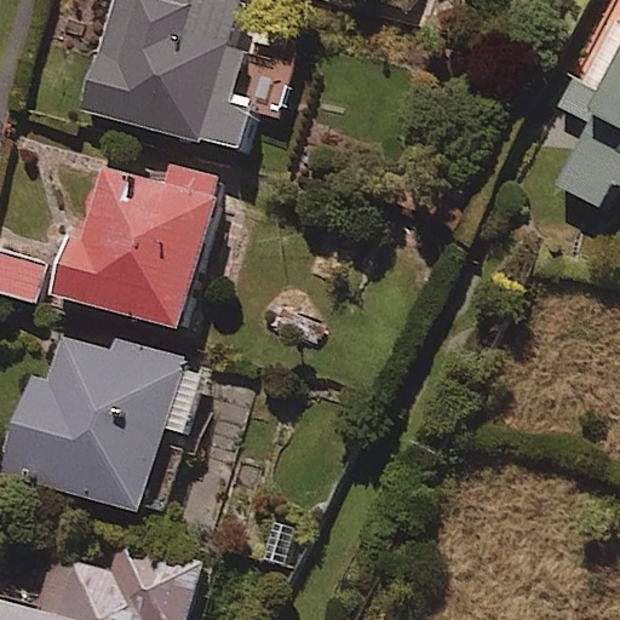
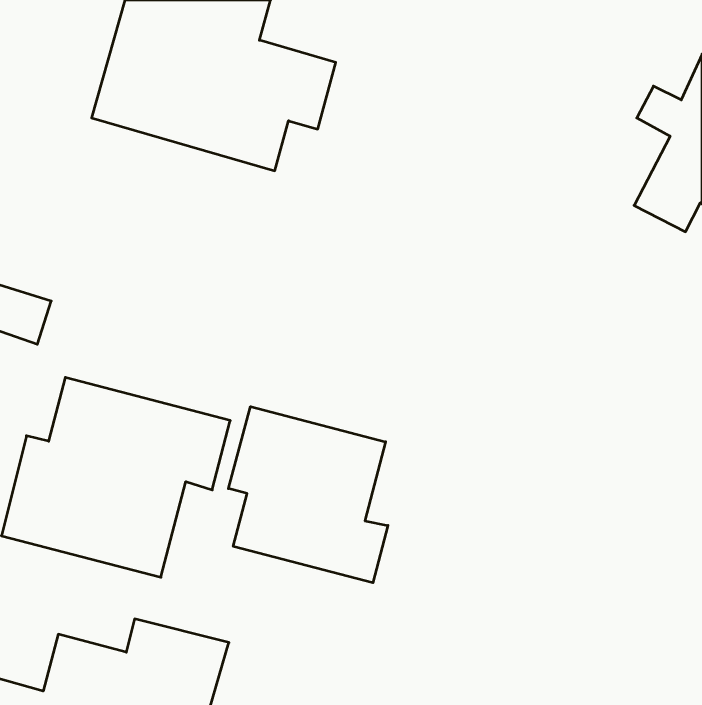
building: [52,165,217,326] -> none
building: none -> [228,407,388,583]

